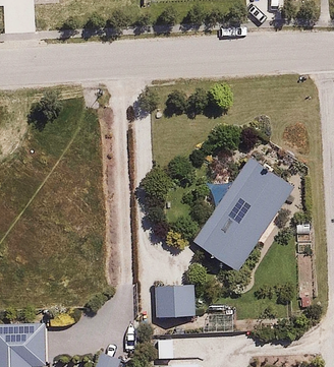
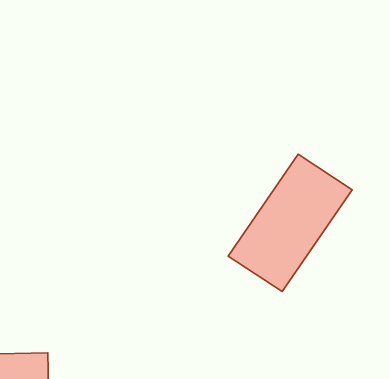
building: [154,284,192,317] -> none

